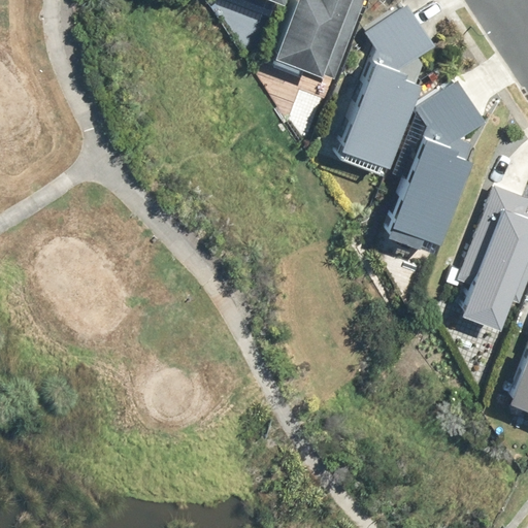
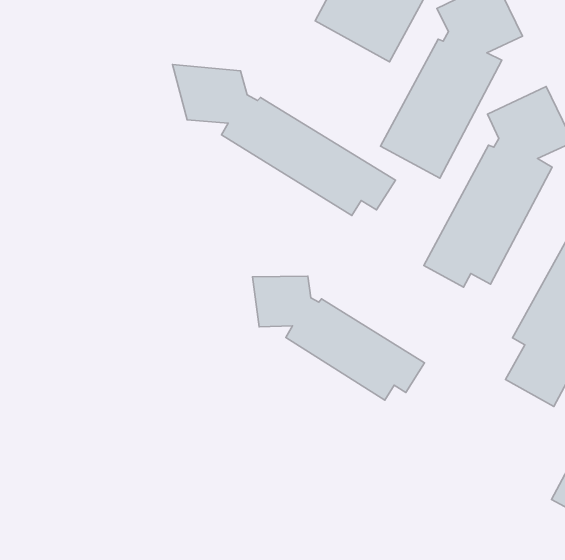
building: none -> [172,65,396,215]
building: none -> [252,276,424,400]

